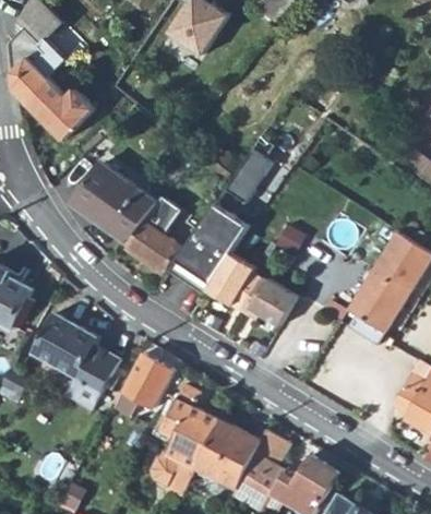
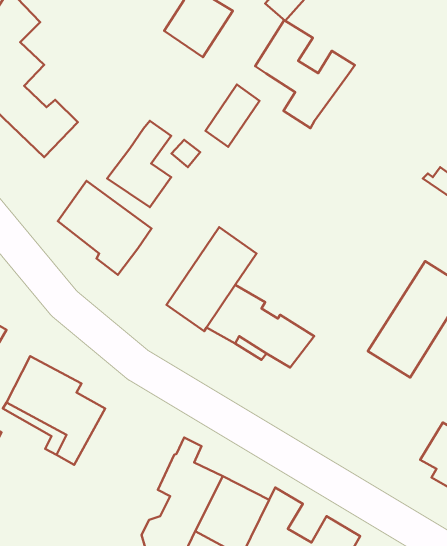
building: none -> [255,20,355,128]
building: [227,148,274,203] -> [206,84,259,147]
building: [127,196,182,272] -> [107,121,171,207]
building: [115,354,173,417] -> none

